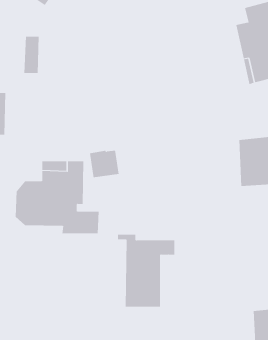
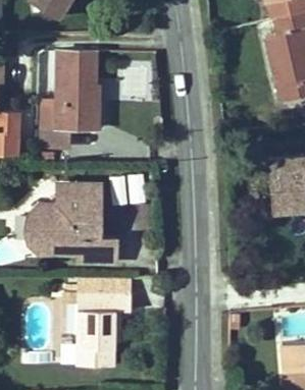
building: none -> [56,51,100,126]
building: [117,234,175,307] -> [62,288,124,367]

